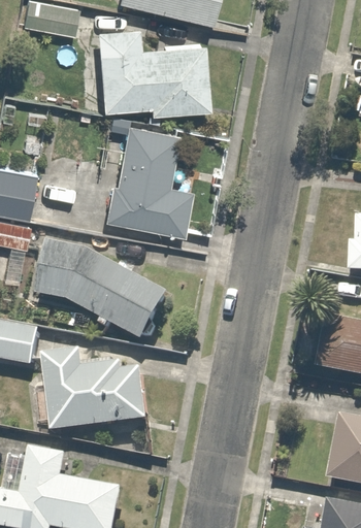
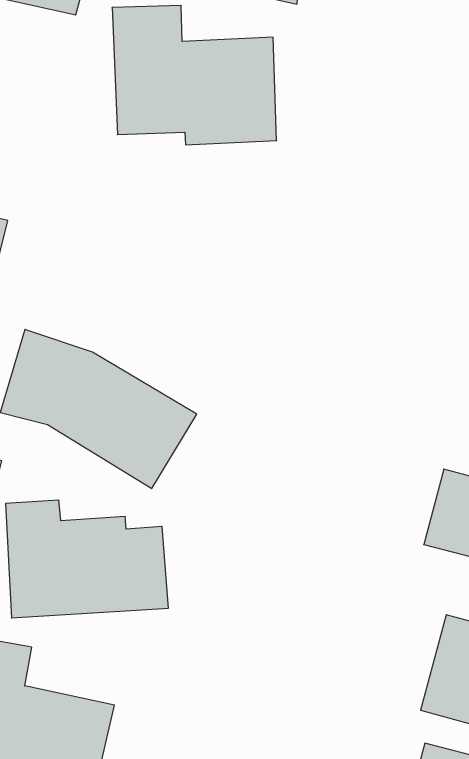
building: [100,123,189,230] -> none

